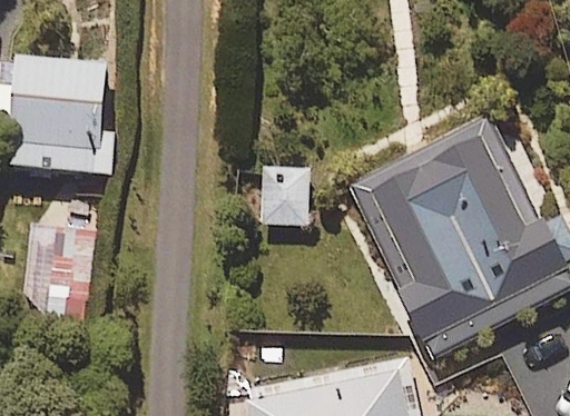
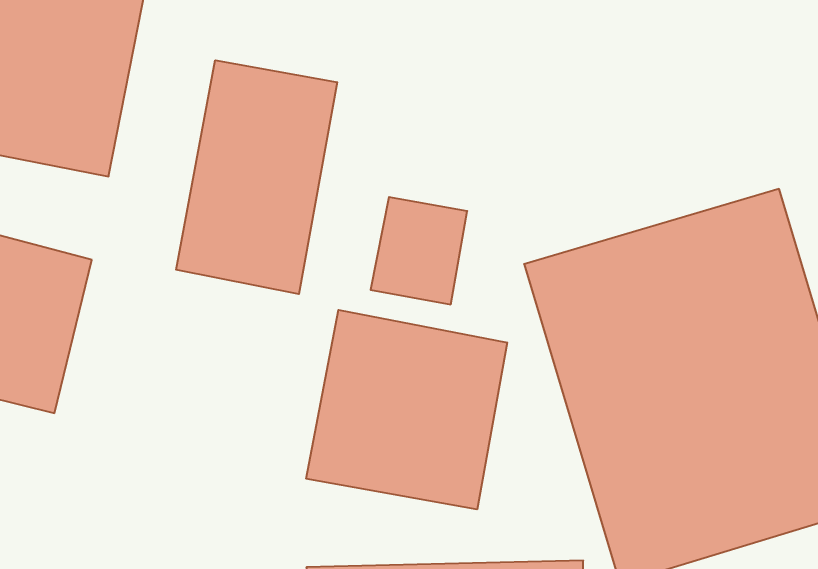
building: none -> [176,60,337,294]
building: none -> [306,310,507,509]

